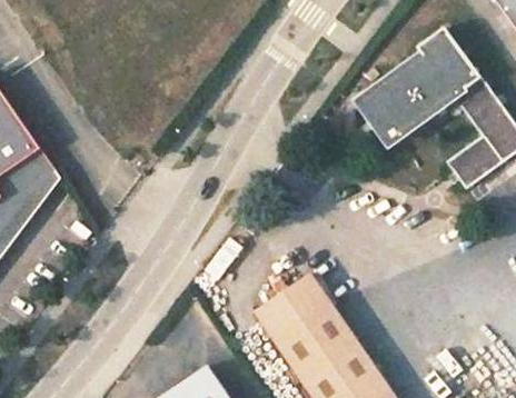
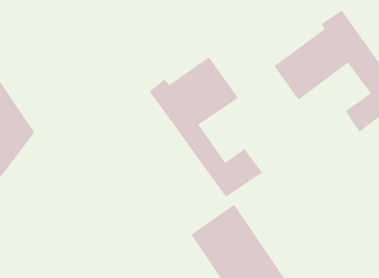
building: none -> [149,57,263,198]

